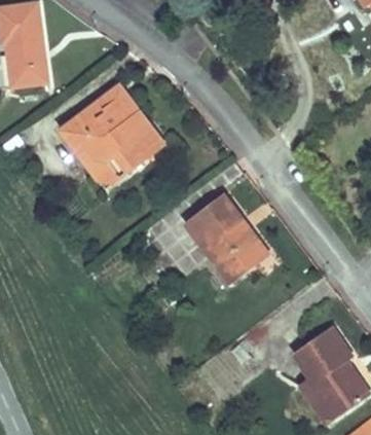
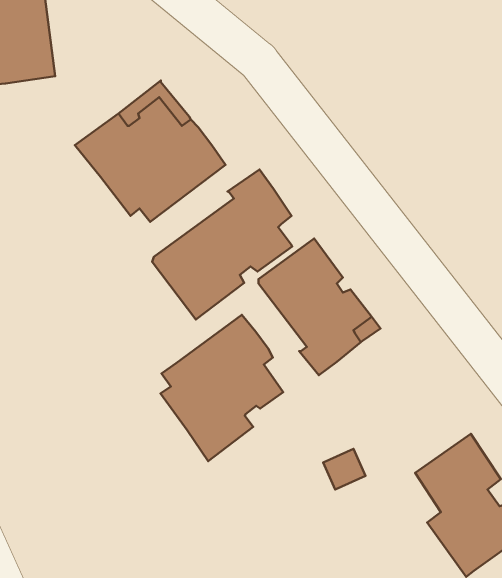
building: none -> [152,170,292,319]
building: none -> [160,315,283,461]

